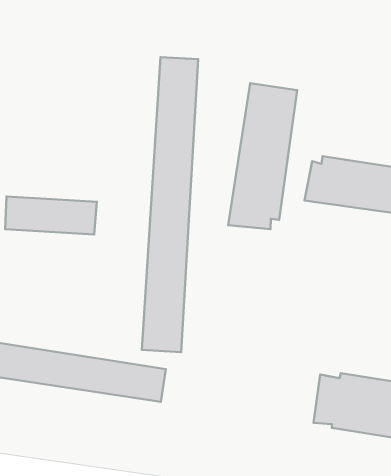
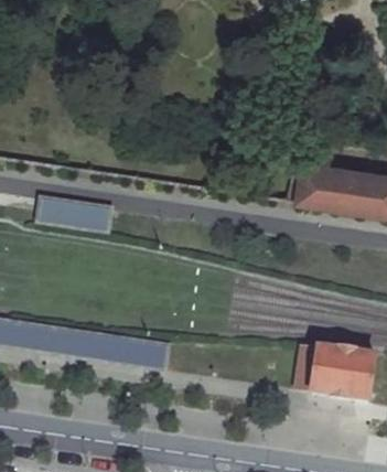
building: [142,57,198,352] -> none
building: [228,83,297,229] -> none

